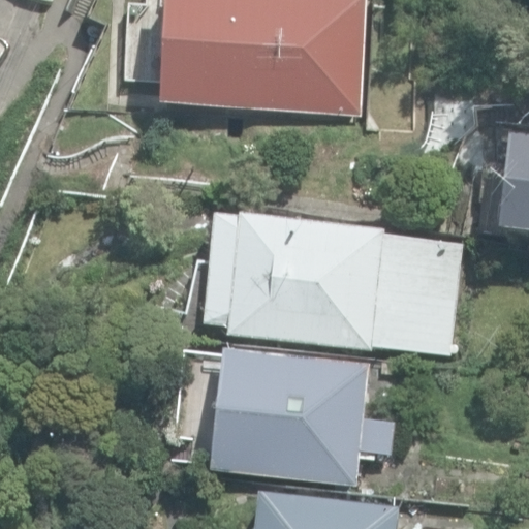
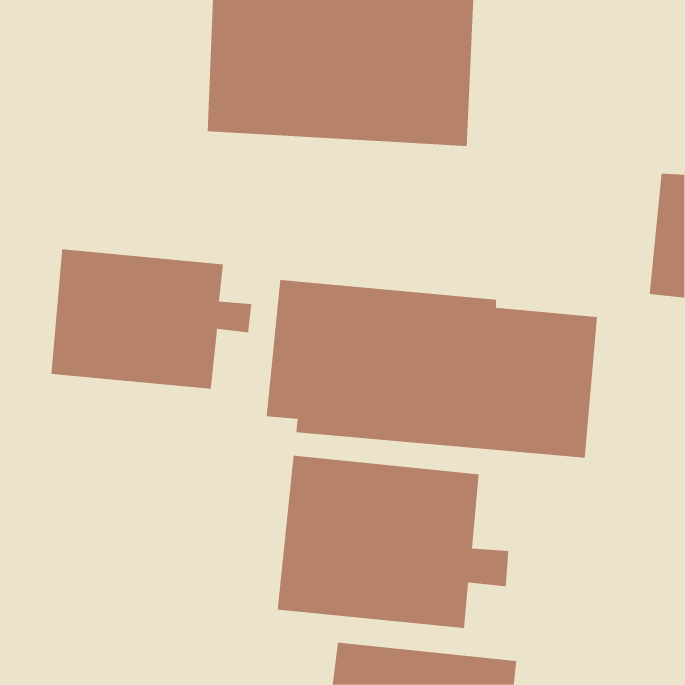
building: none -> [51,249,252,389]

